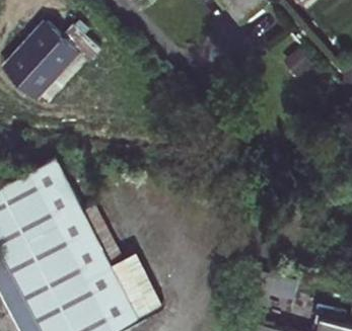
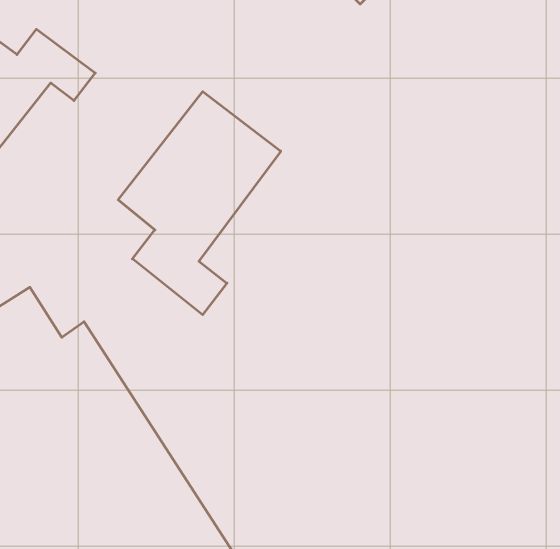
building: none -> [118,92,281,315]

